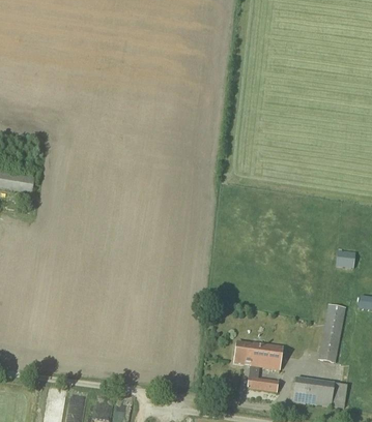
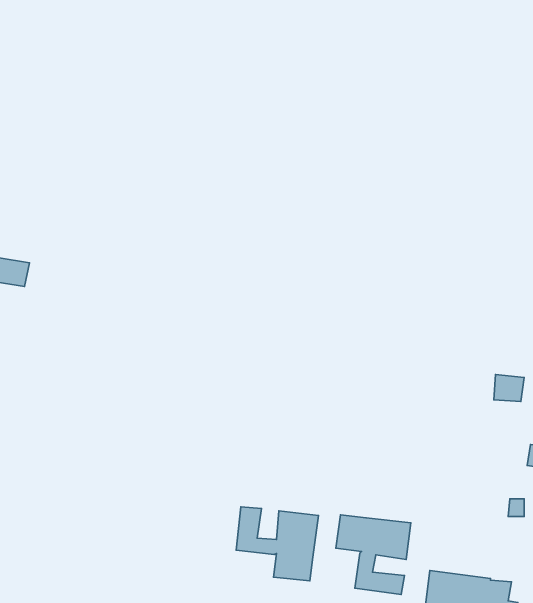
building: [318,302,346,361] -> none
building: none -> [236,507,318,581]

